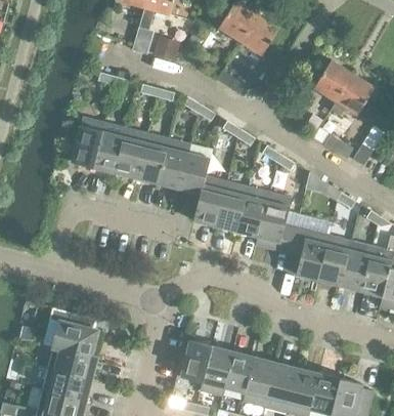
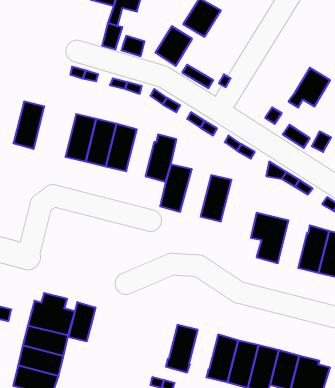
building: [239,12,278,54] -> [155,26,192,66]
building: [313,59,351,100] -> none
building: [71,117,103,167] -> [13,102,44,149]
building: [157,138,190,188] -> none
building: [214,180,247,231] -> none
building: [255,192,295,253] -> none
building: [317,235,351,285] -> none
building: none -> [69,302,95,341]
building: [180,339,211,381] -> none
building: [223,350,254,392] -> none

